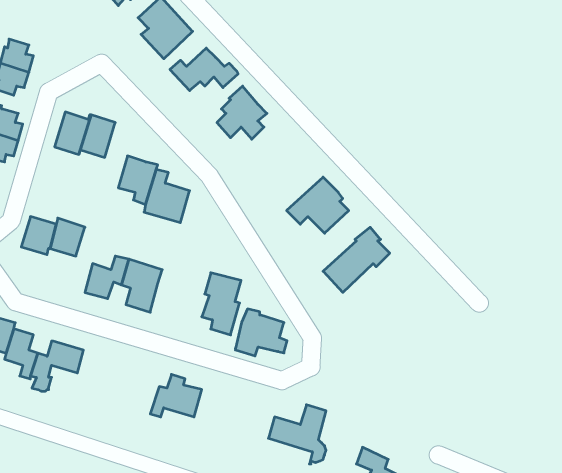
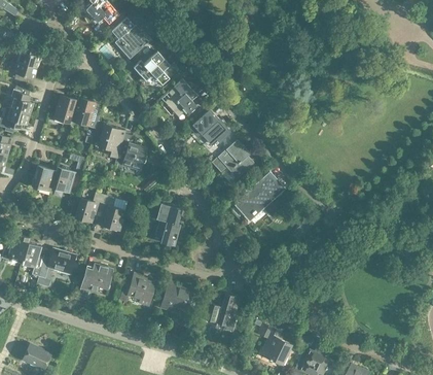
building: none -> [189,108,224,142]
building: [235,309,287,356] -> [161,280,196,312]
building: none -> [77,265,113,301]

